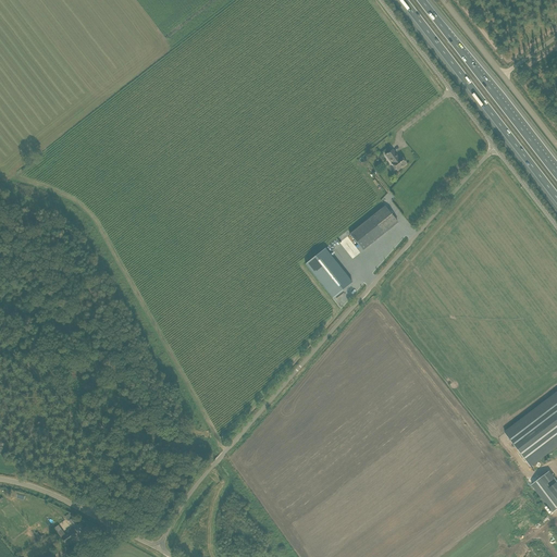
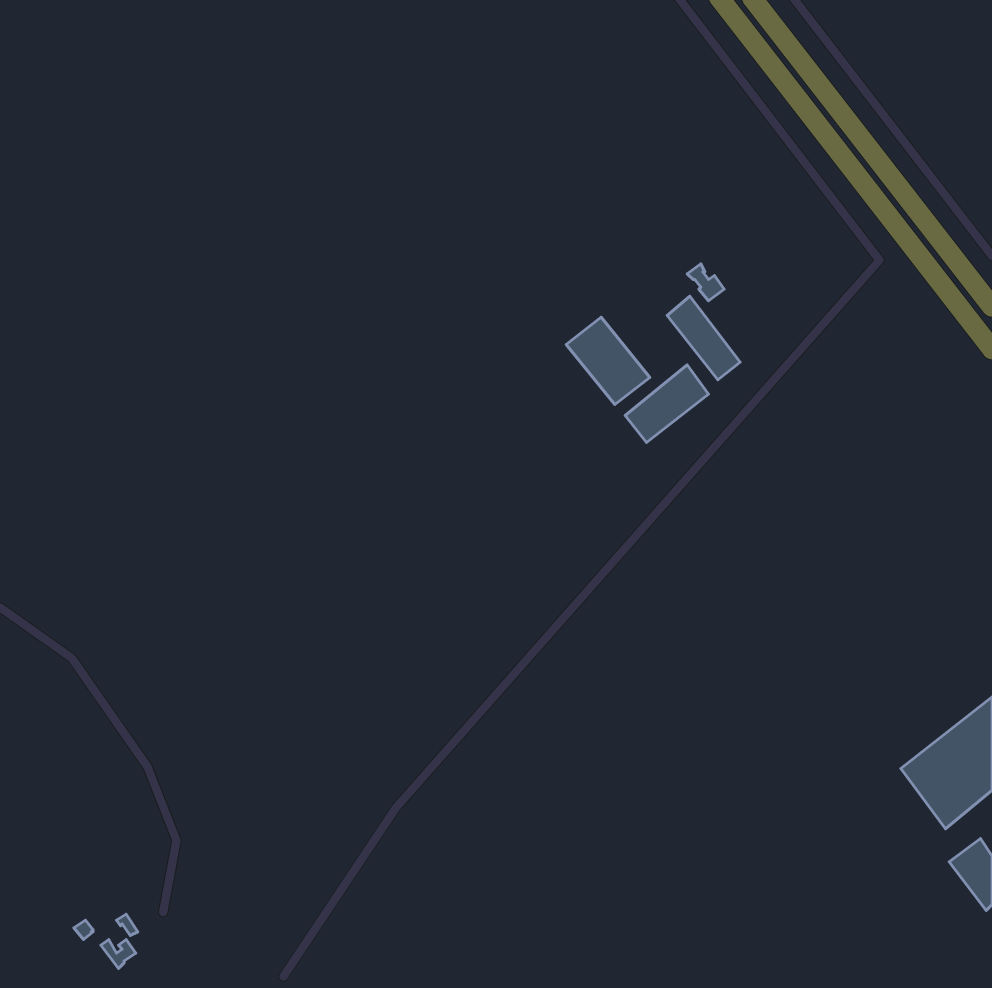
building: none -> [667,296,740,380]
building: [306,247,352,296] -> [566,317,650,405]

